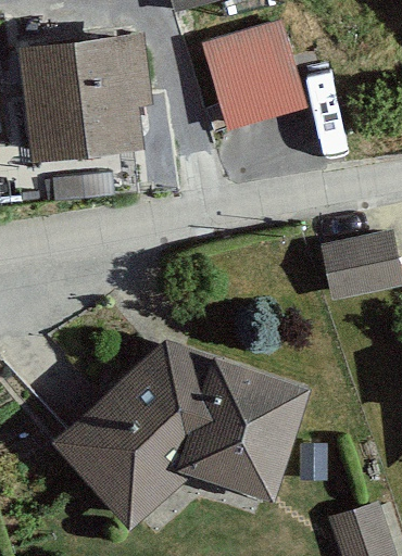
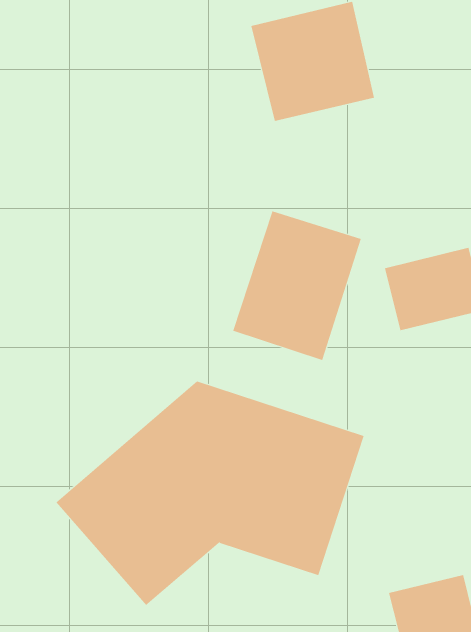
building: [14,38,151,163] -> none
building: none -> [232,210,362,361]

